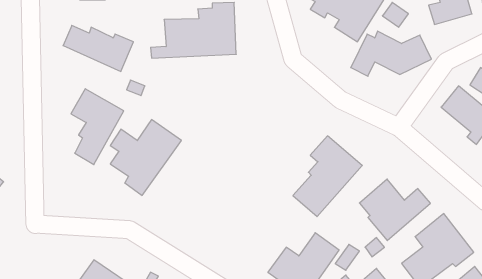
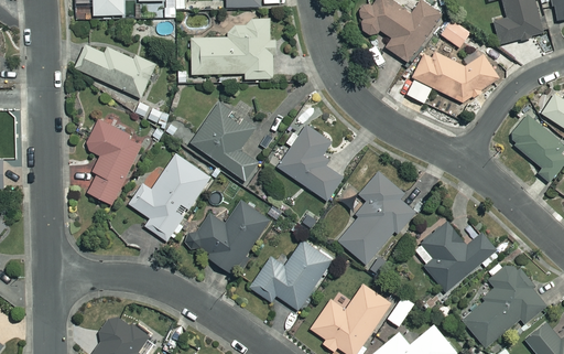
building: none -> [191,100,258,181]
building: none -> [276,126,341,201]
building: none -> [183,201,270,273]
building: none -> [250,239,332,310]

